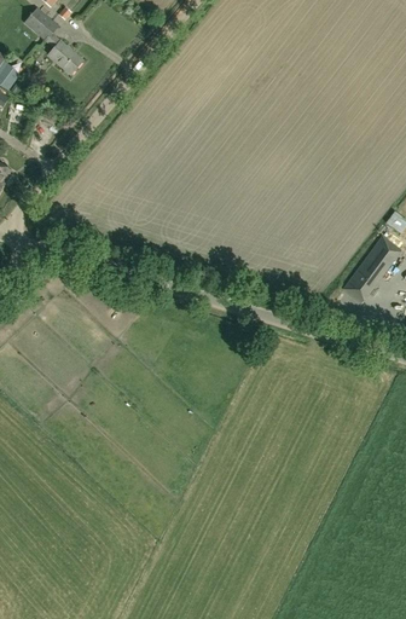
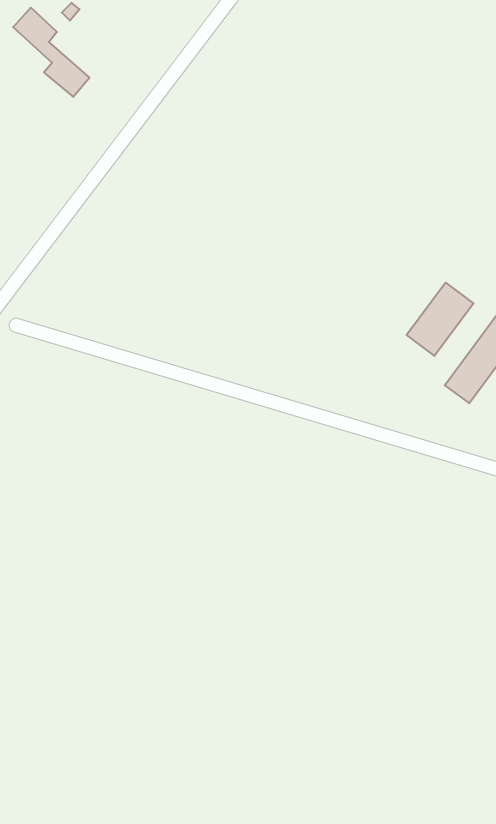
building: none -> [407,283,474,356]

